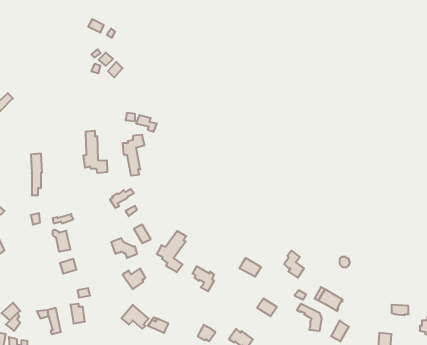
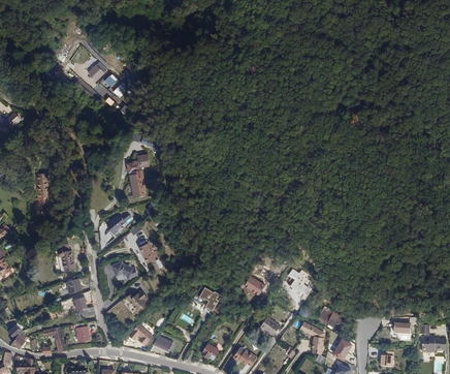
building: [83,131,107,173] -> none
building: [157,231,186,272] -> none

